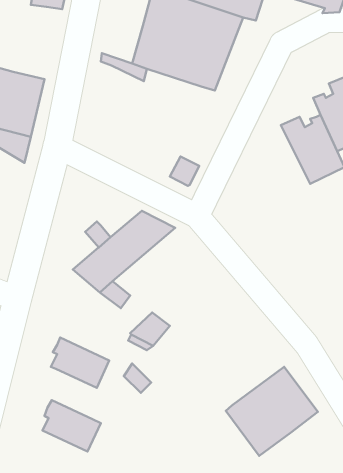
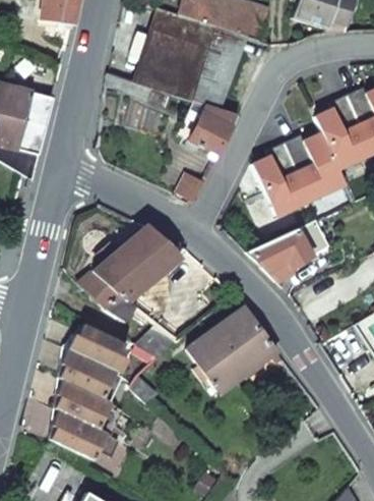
building: none -> [186,104,239,154]
building: none -> [253,142,312,215]
building: none -> [247,219,333,280]
building: none -> [69,323,130,371]
building: [226,367,318,456] -> [188,305,277,392]
building: none -> [56,379,113,428]

